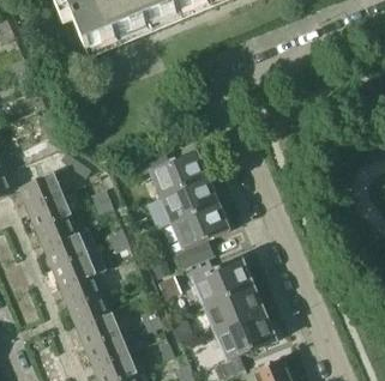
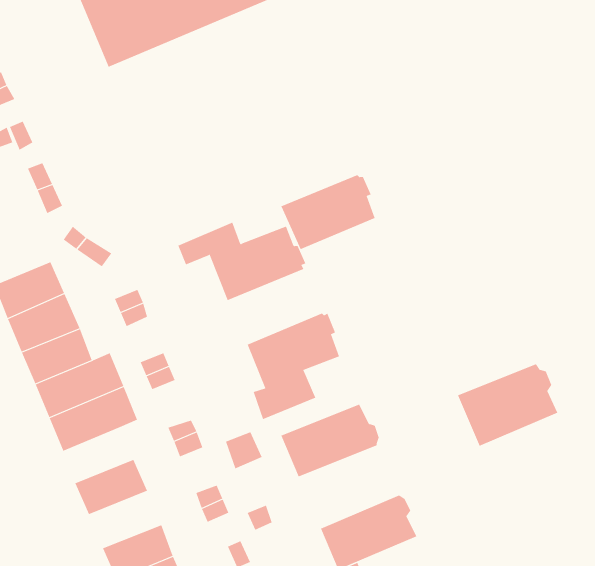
building: [158,177,216,223] -> [280,175,375,250]
building: [59,273,102,307] -> none
building: [201,284,263,334] -> [457,363,558,447]
building: [74,312,119,346] -> none

